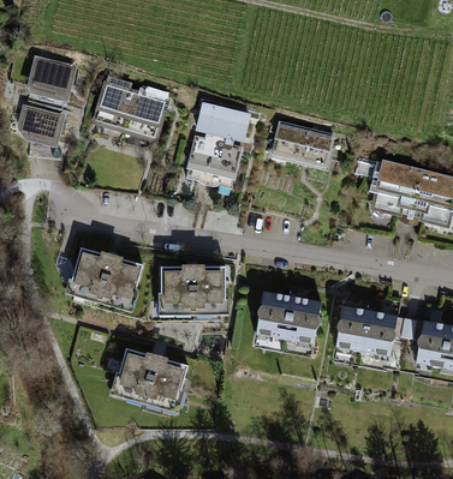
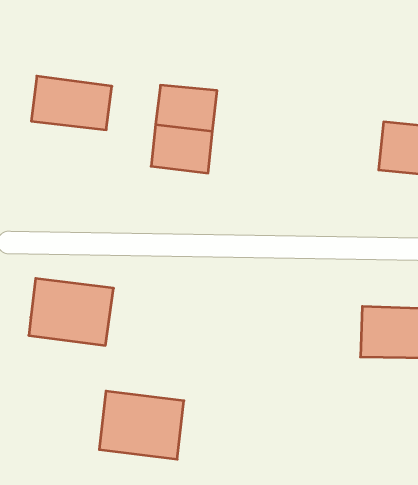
building: [270,120,335,164] -> none
building: [160,265,226,317] -> none
building: [255,288,322,343] -> none

